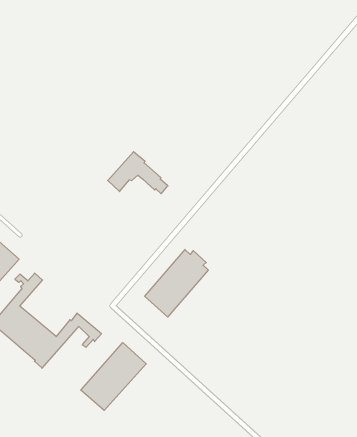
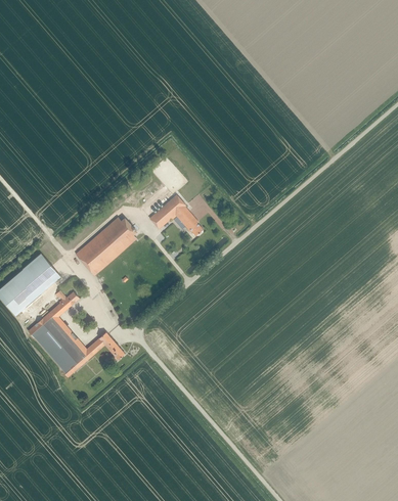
building: [145,249,208,317] -> [76,216,136,274]
building: [81,343,146,410] -> none

